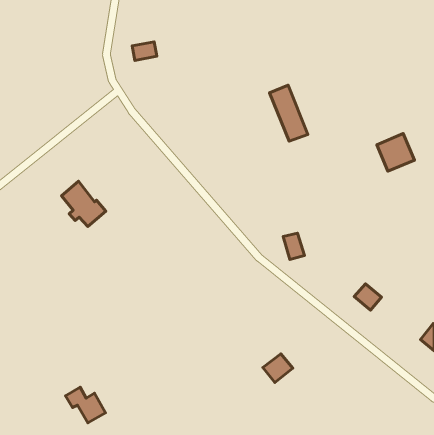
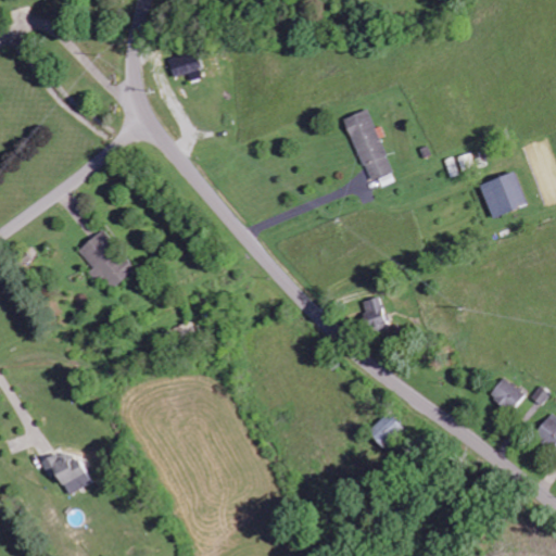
building: [354,284,382,310] -> [490,378,525,412]
building: [263,354,293,383] -> [367,413,405,450]
building: [66,387,106,423] -> [40,451,91,496]

